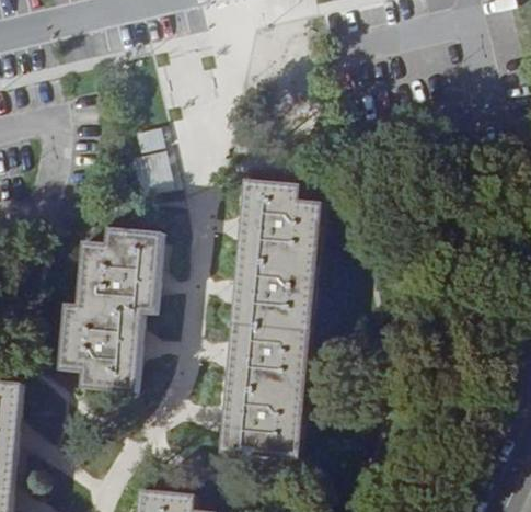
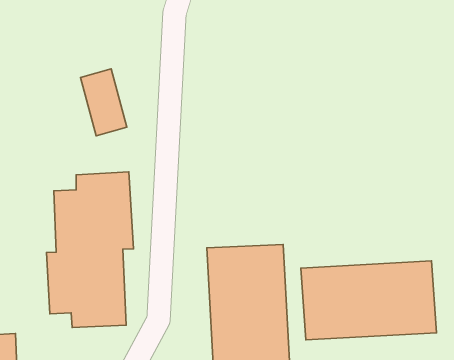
building: [231,181,322,331] -> none
building: none -> [301,261,436,340]

